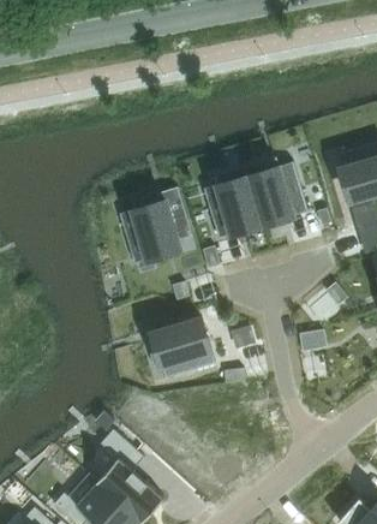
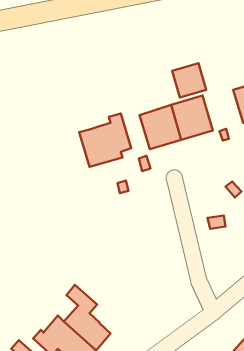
building: none -> [172,63,206,97]
building: [146,317,214,380] -> none

